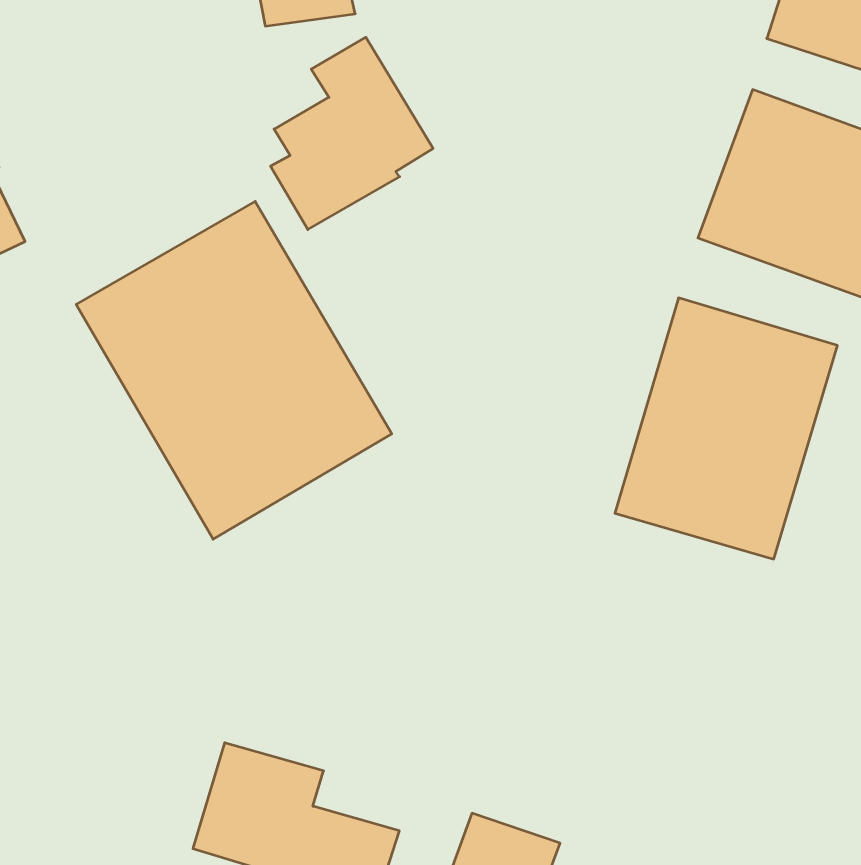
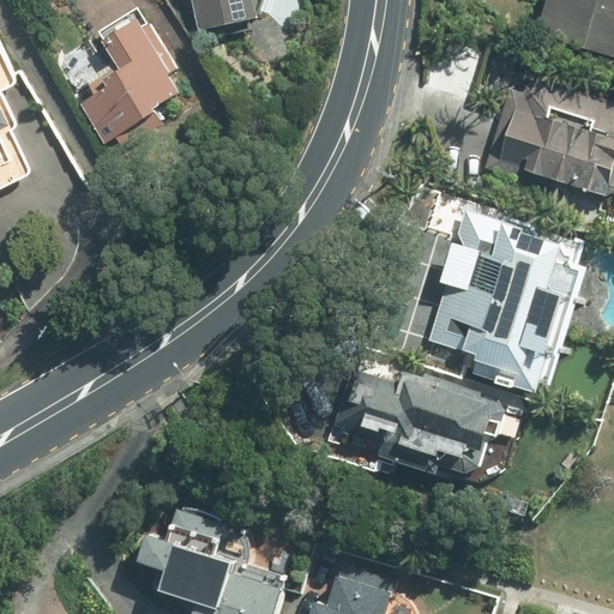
building: [271,37,433,230] -> [74,16,185,146]
building: [76,201,392,539] -> none
building: none -> [339,353,499,481]

